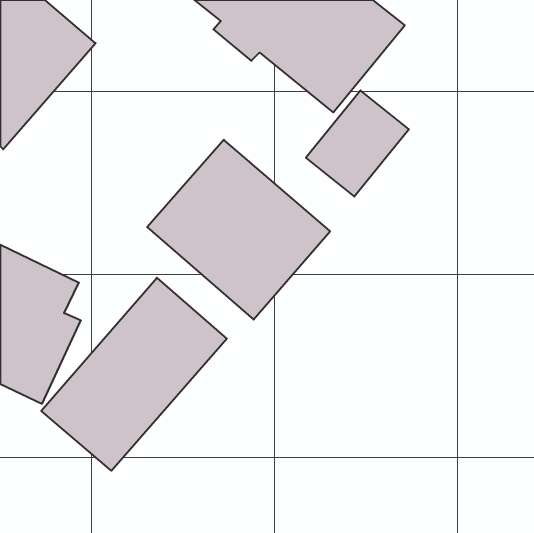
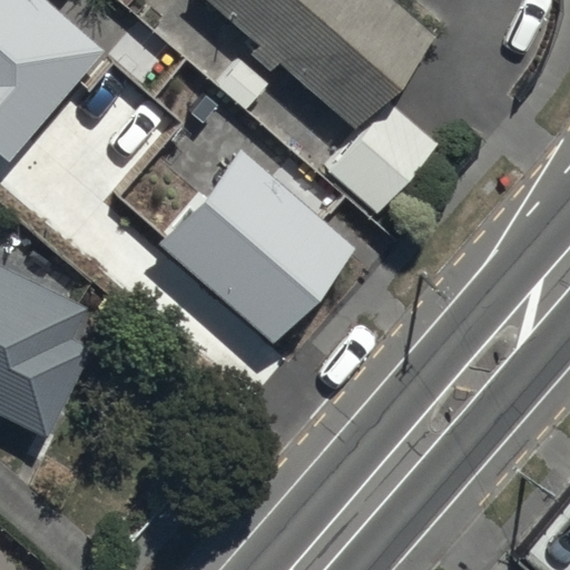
building: [41,278,227,471] -> none

